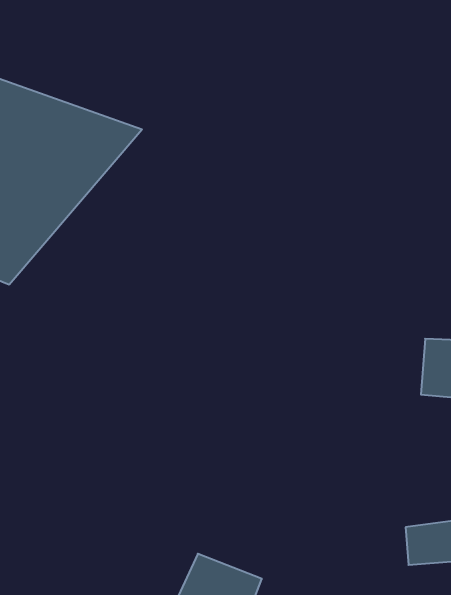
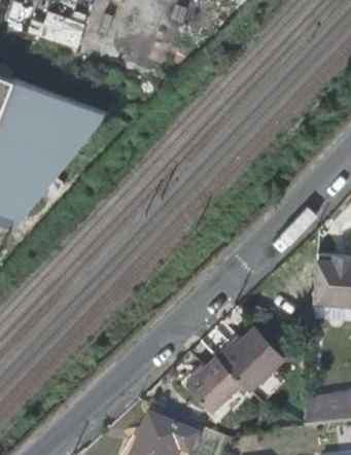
building: none -> [187,328,287,412]

